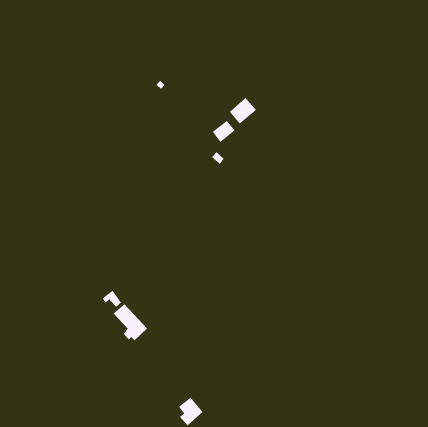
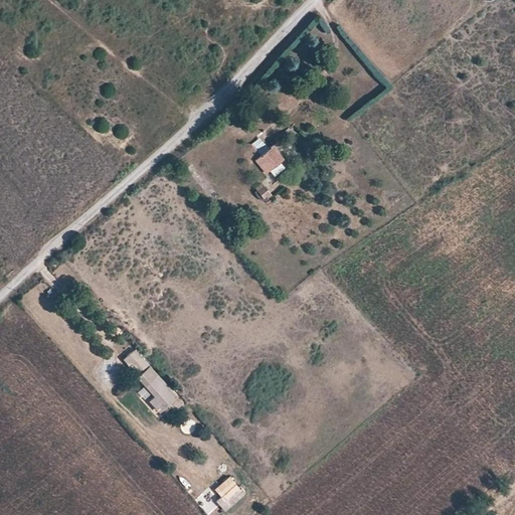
building: [229,97,257,125] -> none

